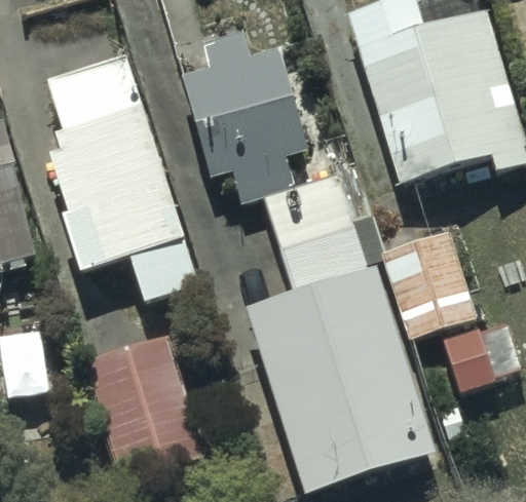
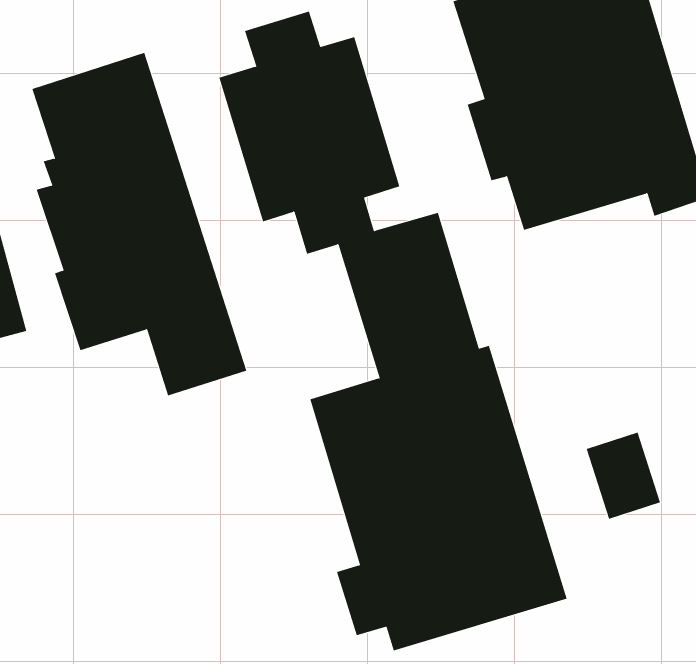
building: [380,230,479,340] -> none
building: [84,336,205,484] -> none

